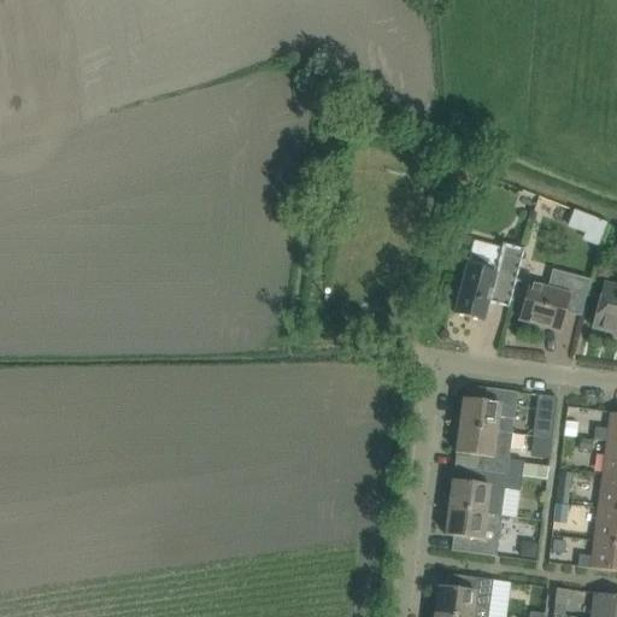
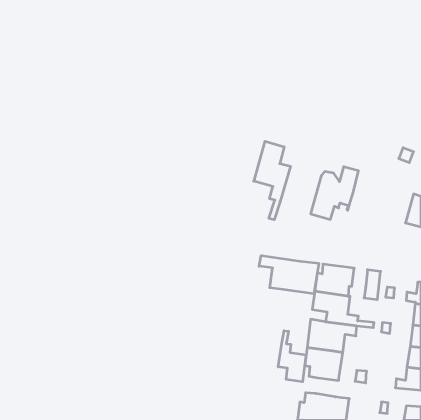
building: none -> [254,141,290,220]
building: [511,269,589,330] -> none
building: none -> [259,256,319,294]
building: none -> [278,331,306,382]

